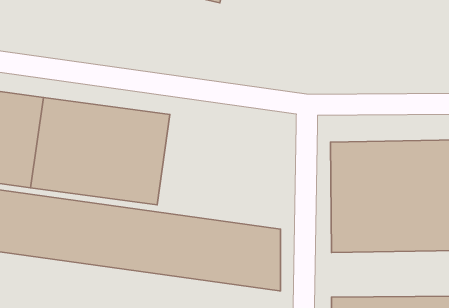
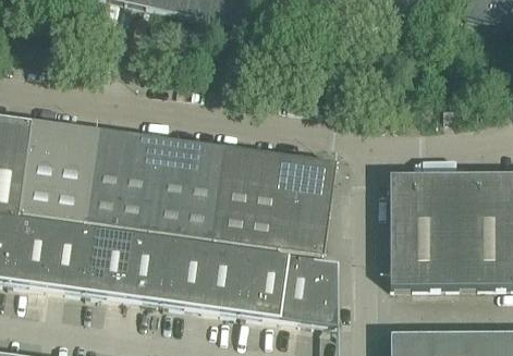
building: none -> [211,145,335,253]

